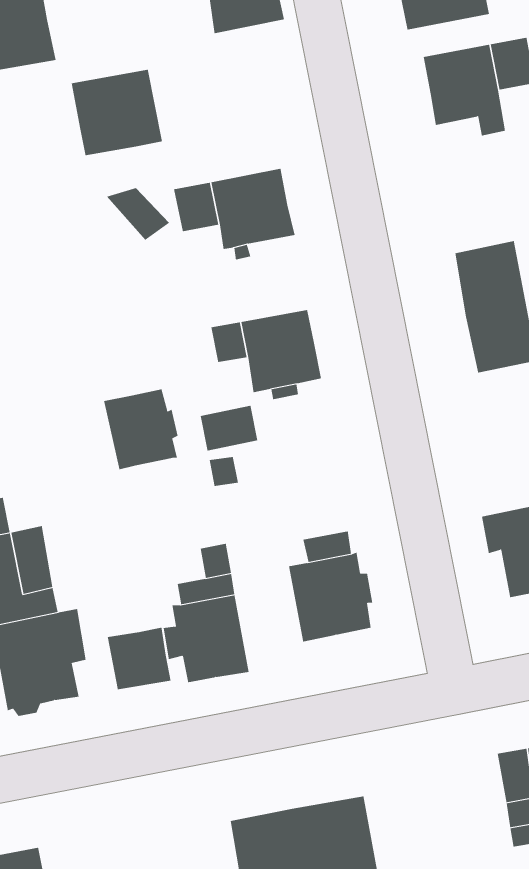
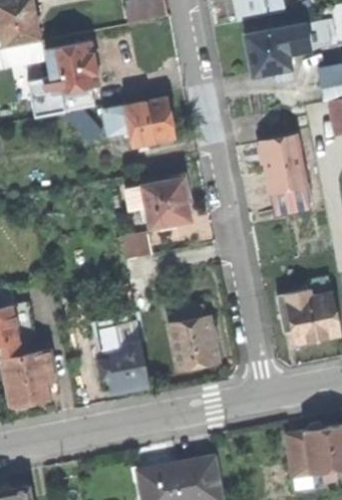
building: none -> [28,76,84,115]
building: [104,388,178,470] -> none
building: [107,627,171,690] -> none

